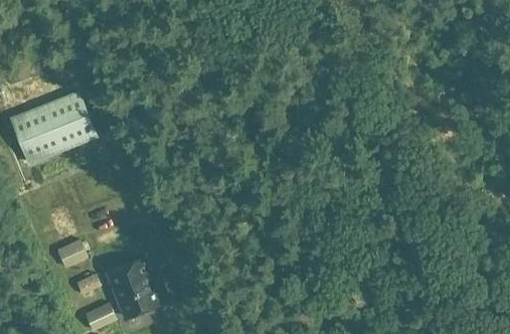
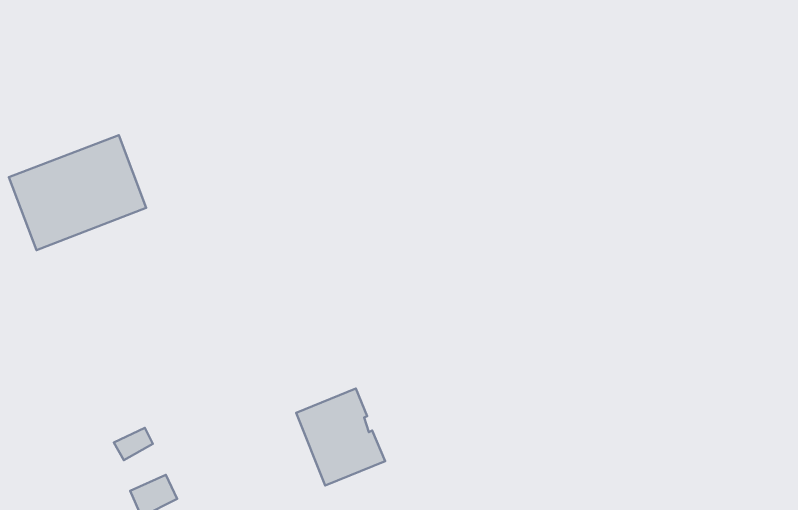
building: [56,239,88,270] -> none
building: [107,258,162,318] -> [296,389,385,486]

